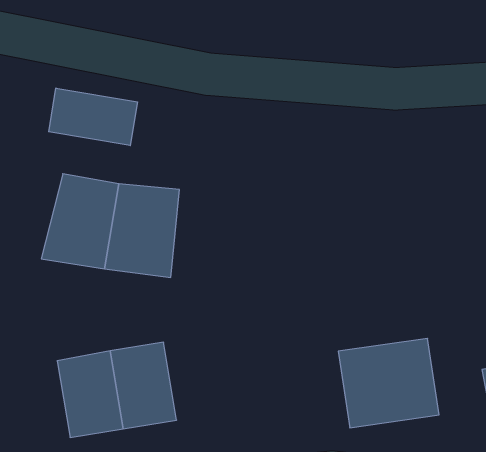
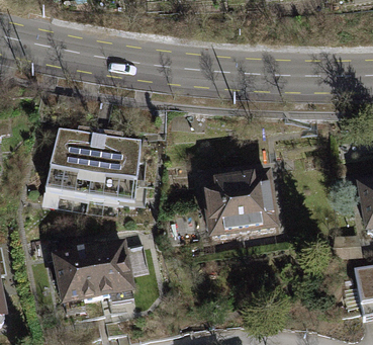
building: [49,88,137,146] -> none
building: [338,338,439,428] -> [201,168,272,231]

